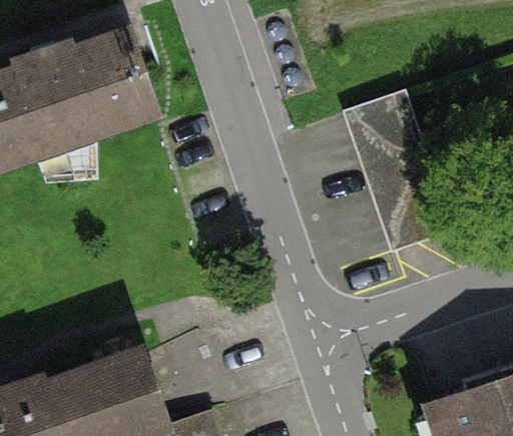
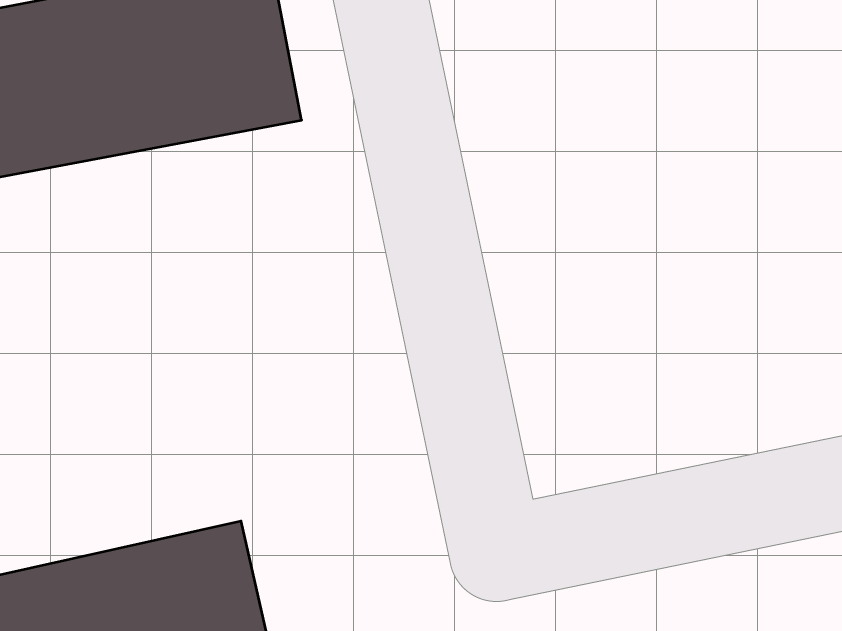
building: [338,95,441,252] -> none

